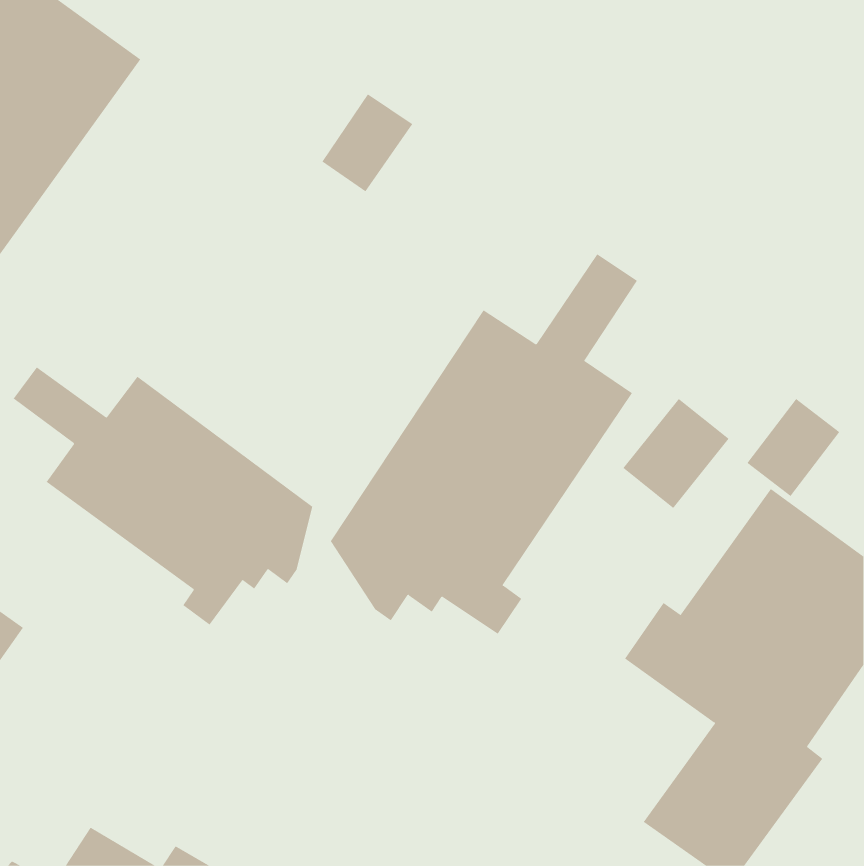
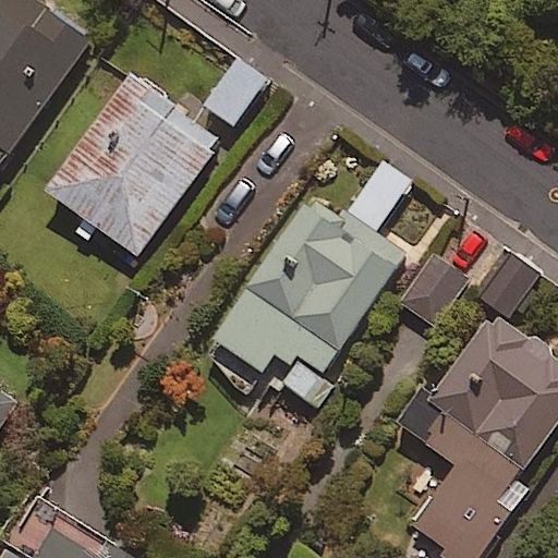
building: none -> [49,86,222,254]
building: [13,366,313,626] -> none

